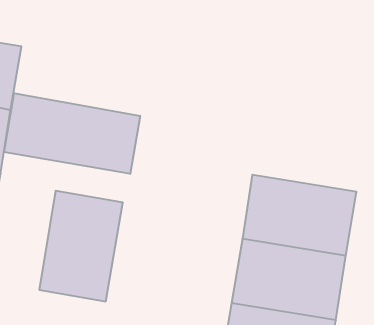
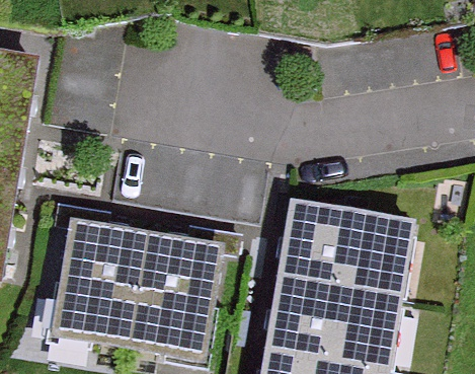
building: [4,93,140,174] -> none
building: none -> [126,235,221,359]

